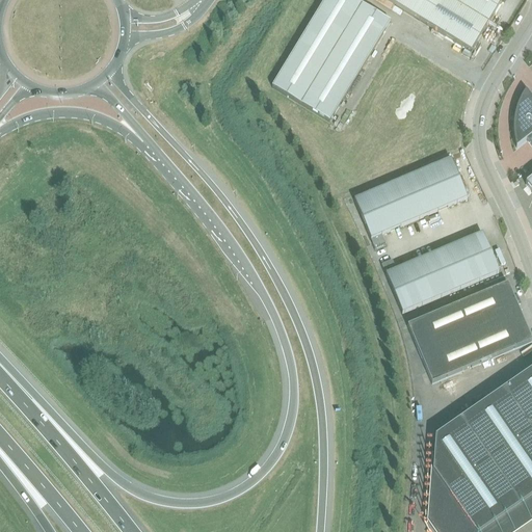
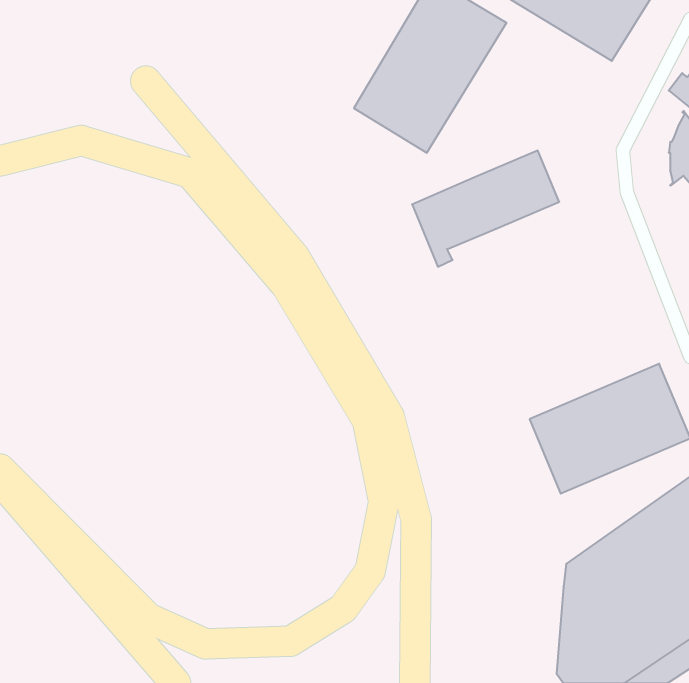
building: [355,155,469,244] -> [412,150,559,267]
building: [382,230,500,310] -> none

